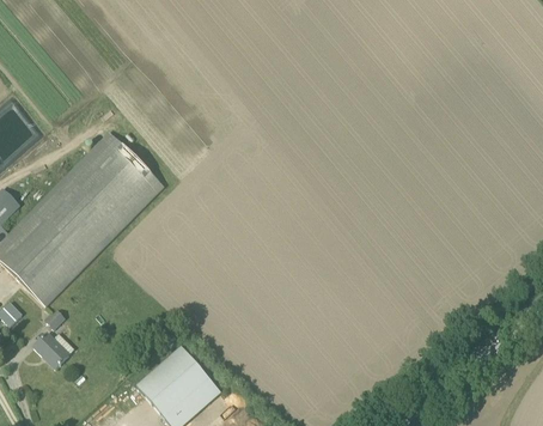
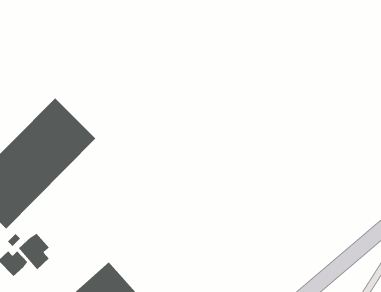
building: none -> [18,233,50,270]

